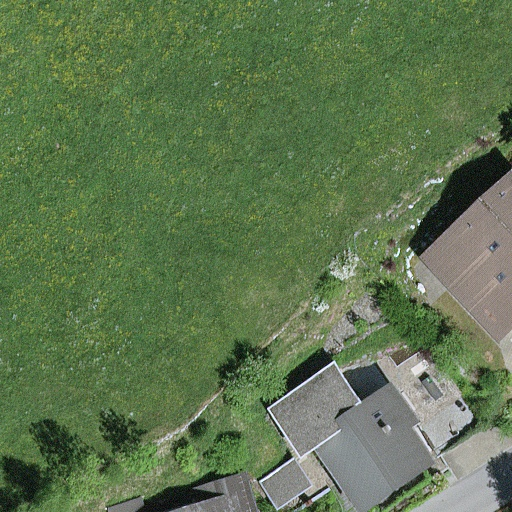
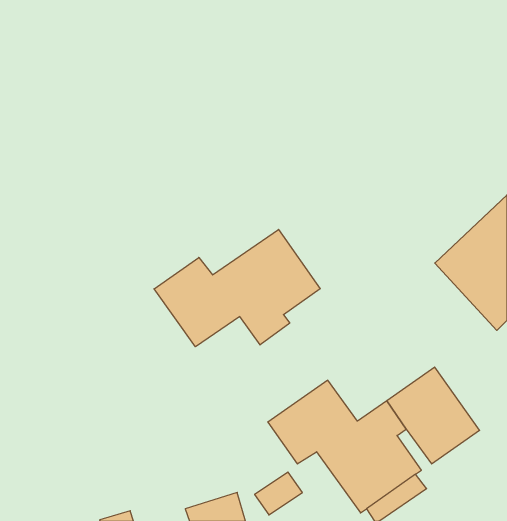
building: none -> [154,229,320,347]

